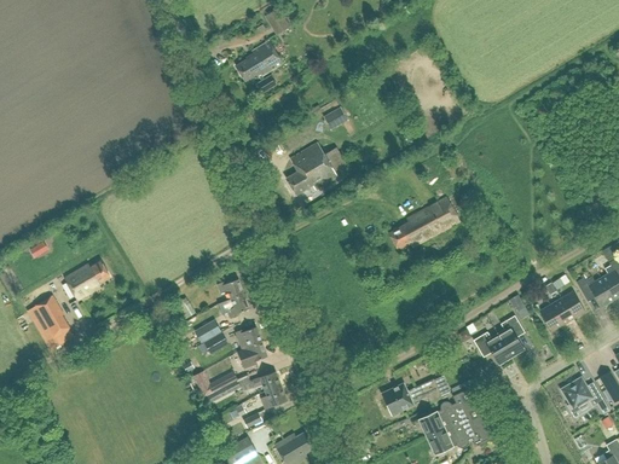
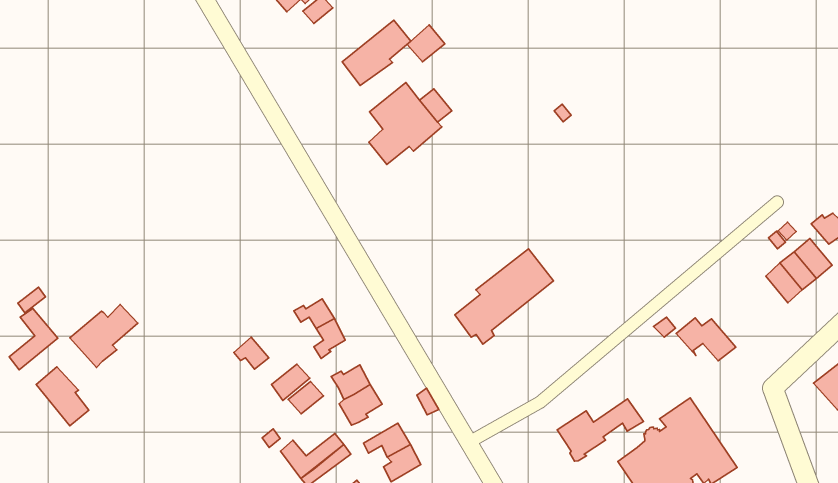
building: none -> [342,20,411,86]
building: [388,197,458,256] -> [455,249,554,344]
building: none -> [9,308,58,370]
building: [497,315,523,356] -> none

